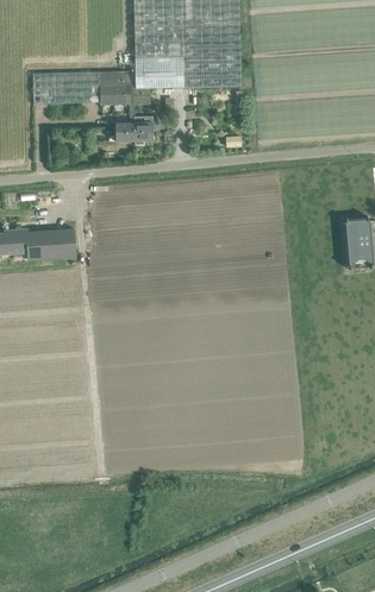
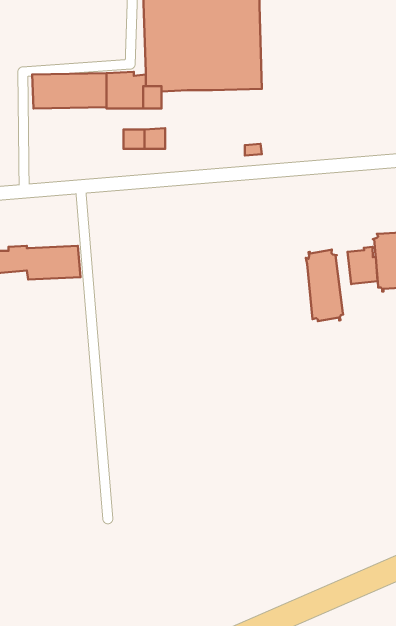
building: none -> [348,247,377,284]
building: none -> [306,250,343,321]

